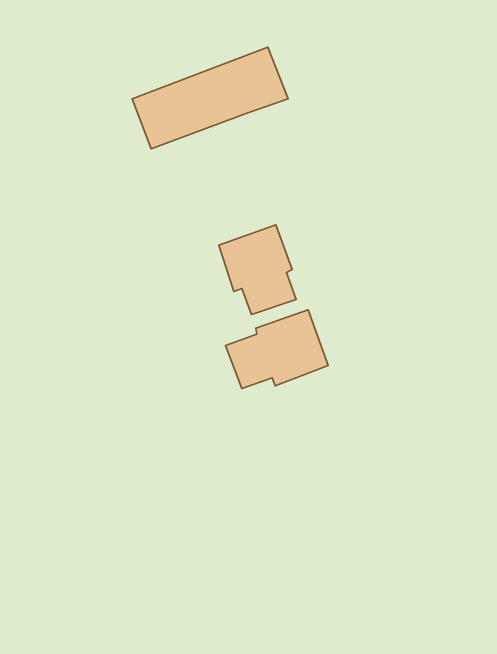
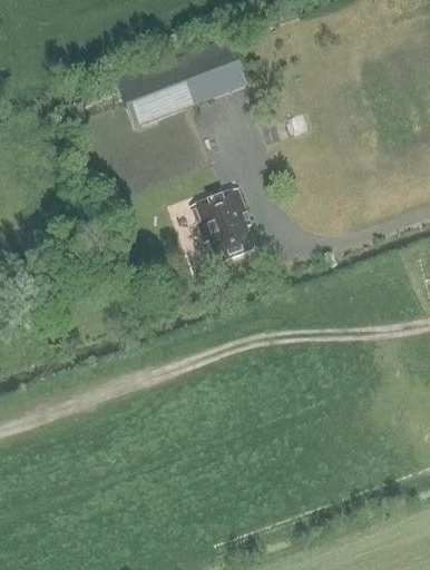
building: [225,310,328,389] -> none

